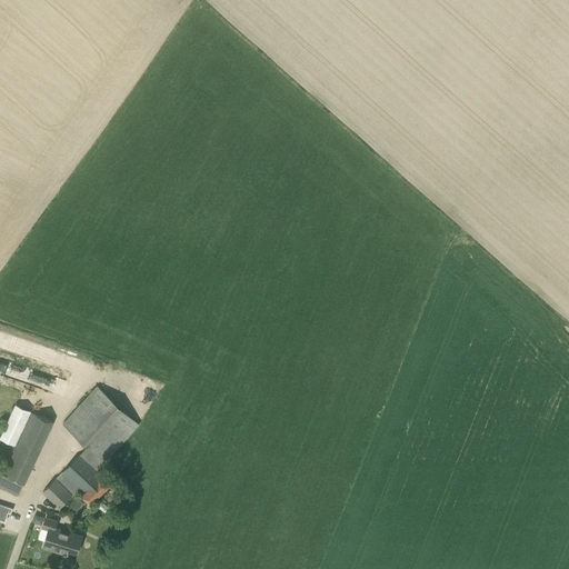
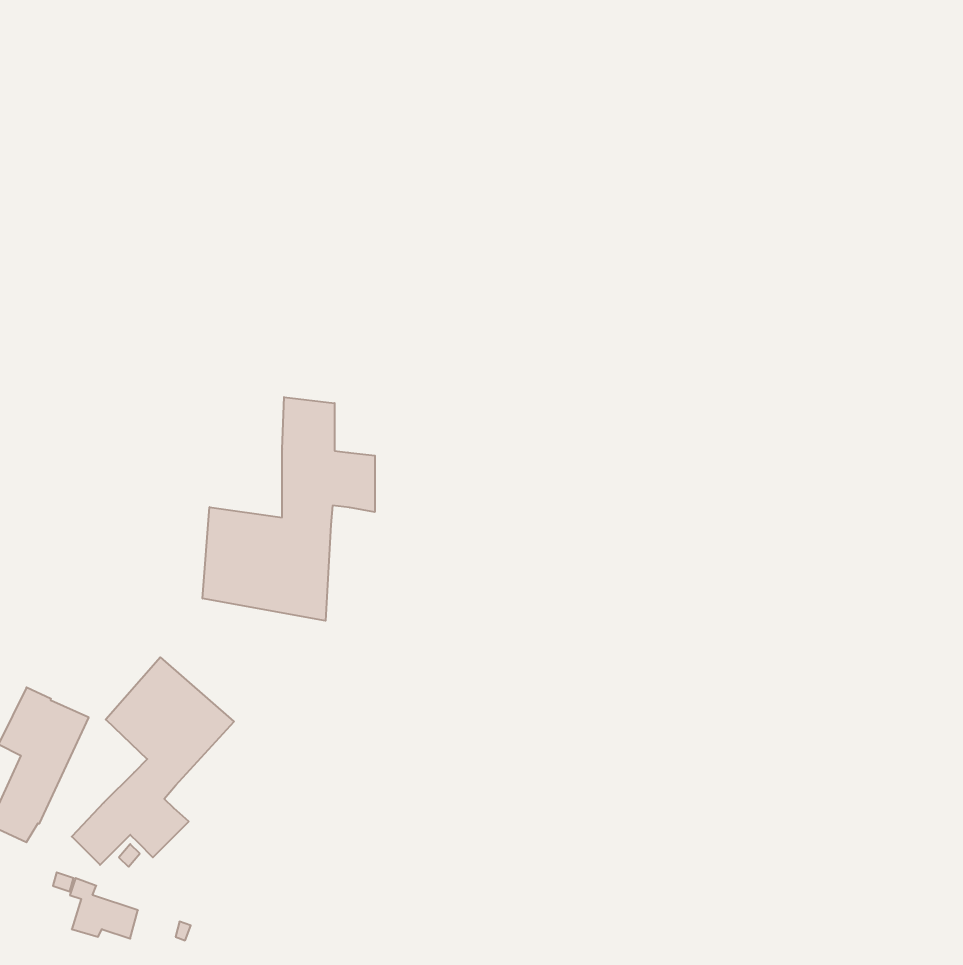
building: none -> [203,397,375,621]

